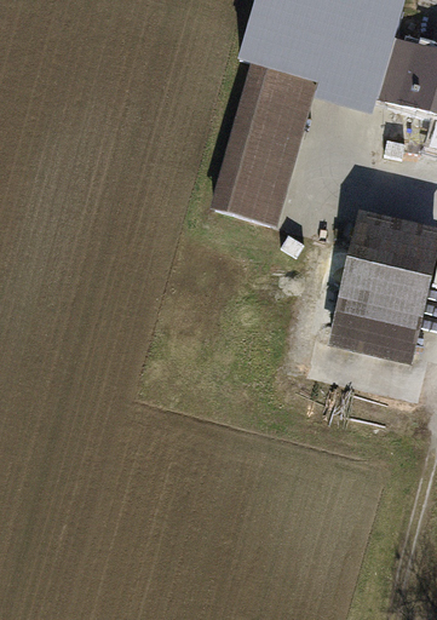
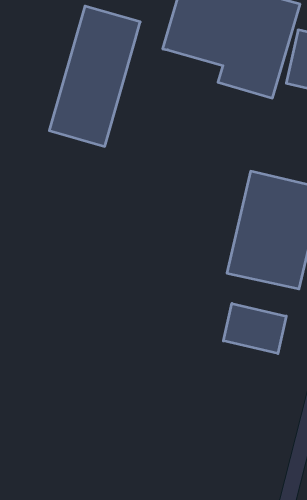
building: [207,62,318,234] -> [49,6,140,146]
building: none -> [223,303,286,354]

